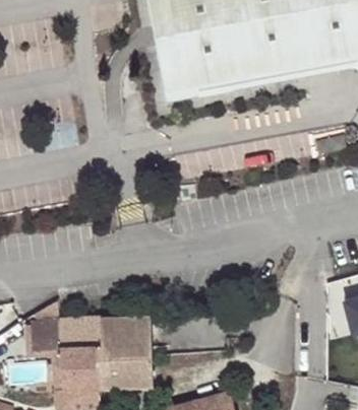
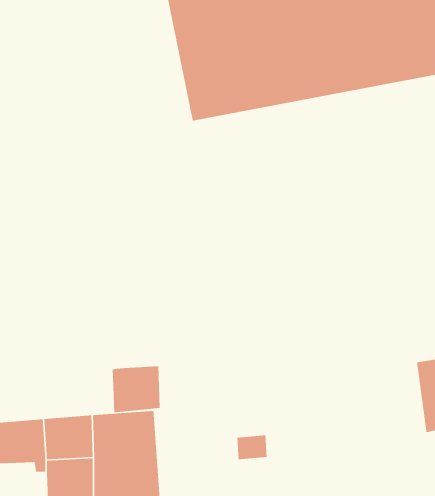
building: none -> [112,365,161,413]

